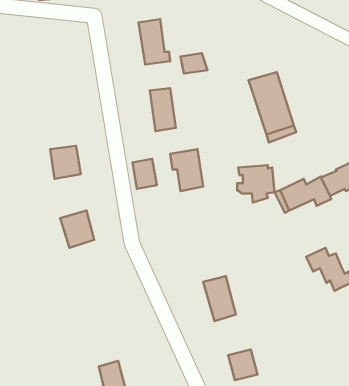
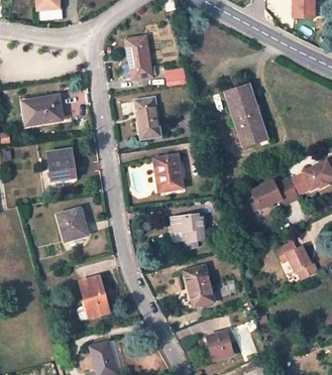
building: none -> [22,96,62,124]
building: [132,159,157,189] -> none
building: [237,165,274,202] -> [171,215,204,248]
building: none -> [79,276,108,317]

